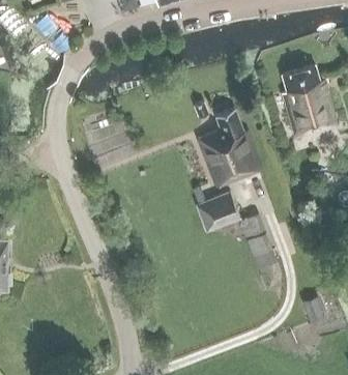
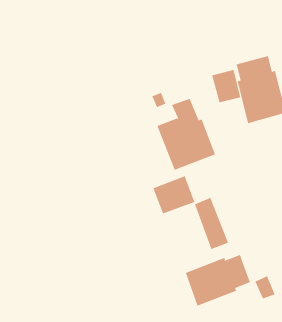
building: none -> [212,69,241,103]
building: none -> [185,254,251,306]

